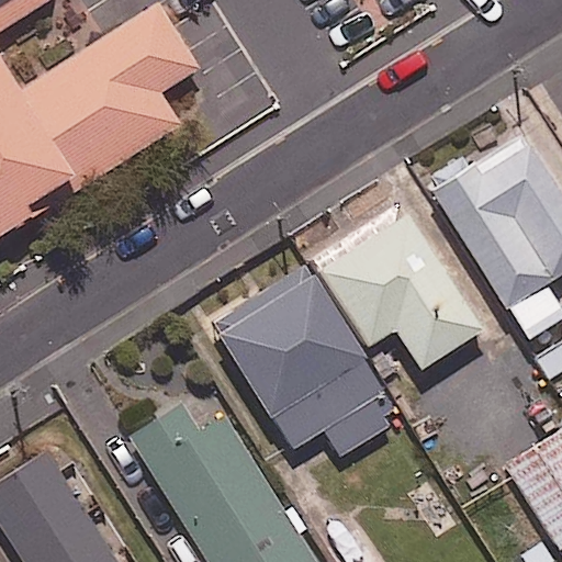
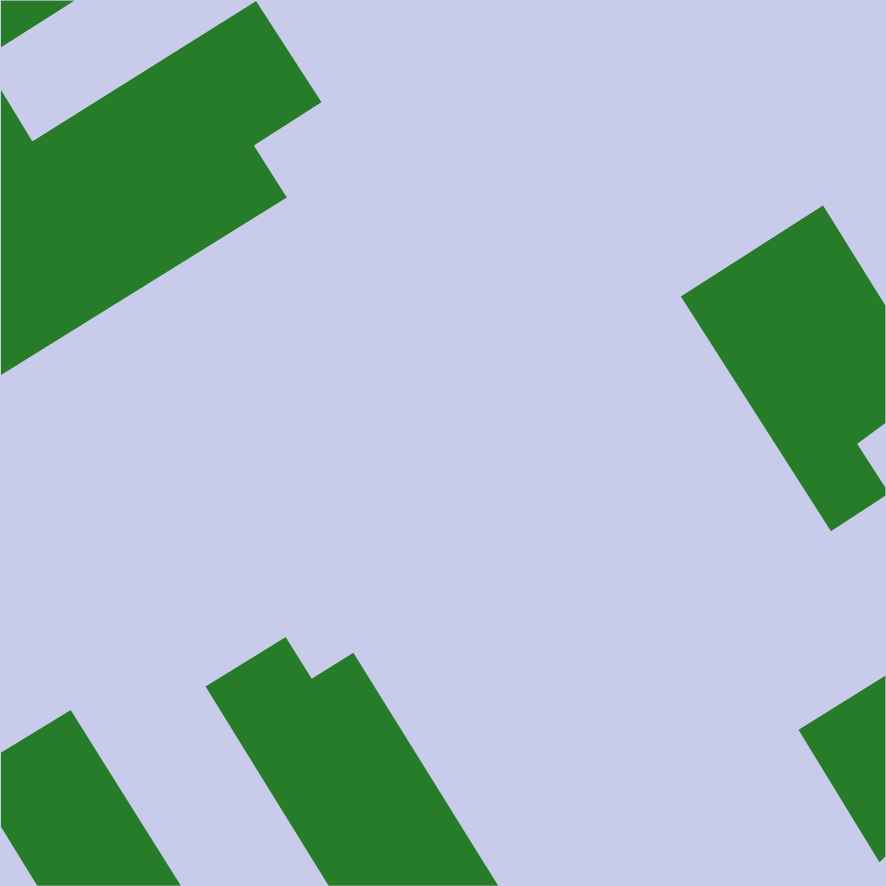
building: [318,211,480,366] -> none
building: [216,271,401,461] -> none

